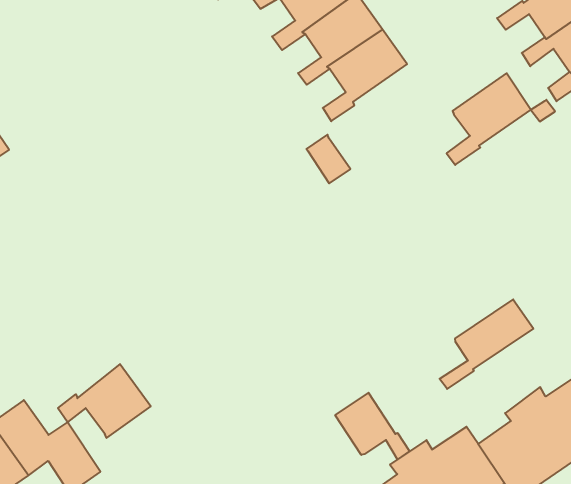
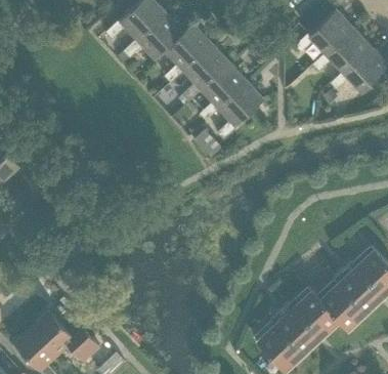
building: [447,73,531,165] -> [218,81,264,139]
building: [440,299,533,389] -> none
building: [58,364,151,438] -> none
building: [335,393,409,459] -> none

